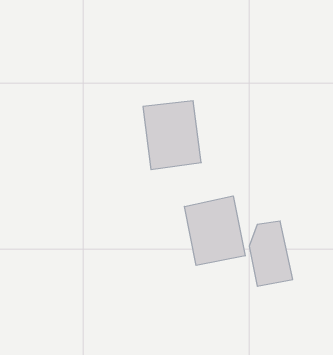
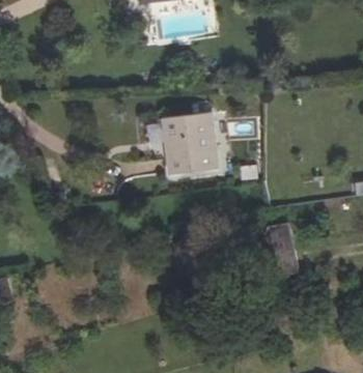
building: [184,196,245,265] -> none

